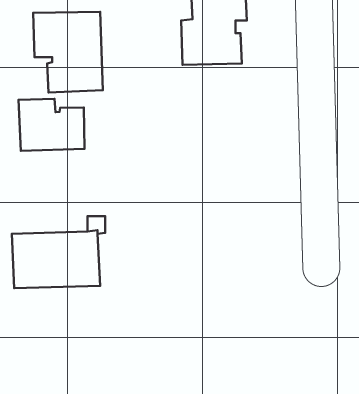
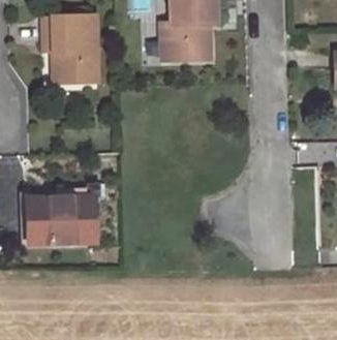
building: [18,99,85,151] -> none

